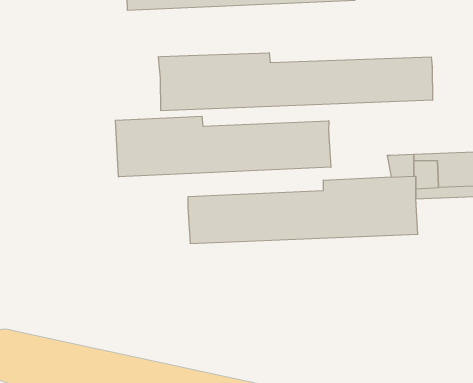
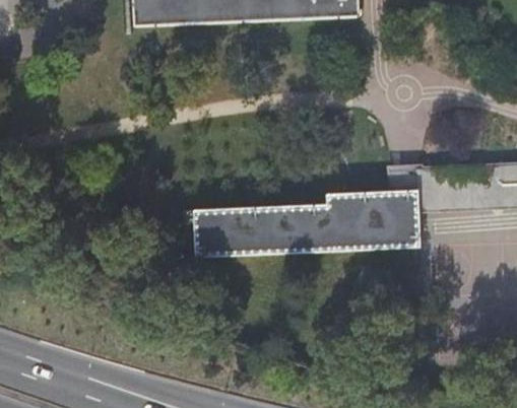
building: [158,53,433,111] -> none
building: [116,116,331,177] -> none

